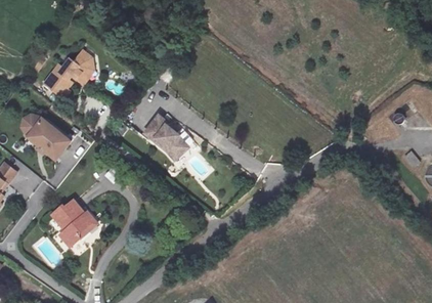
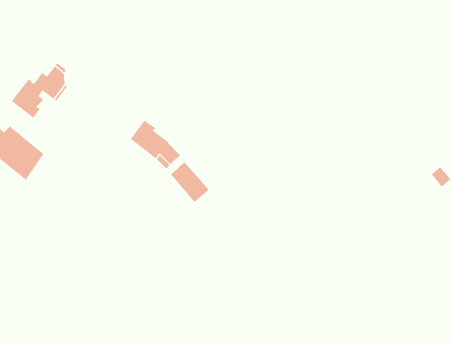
building: [42,201,87,250] -> none

